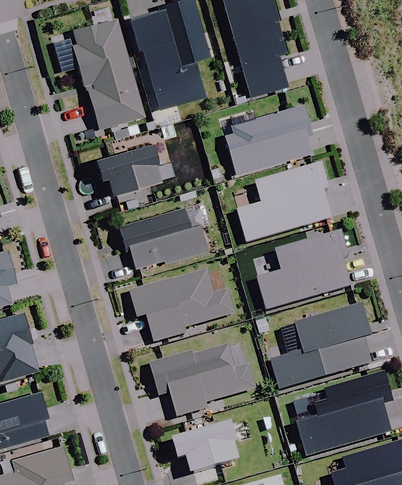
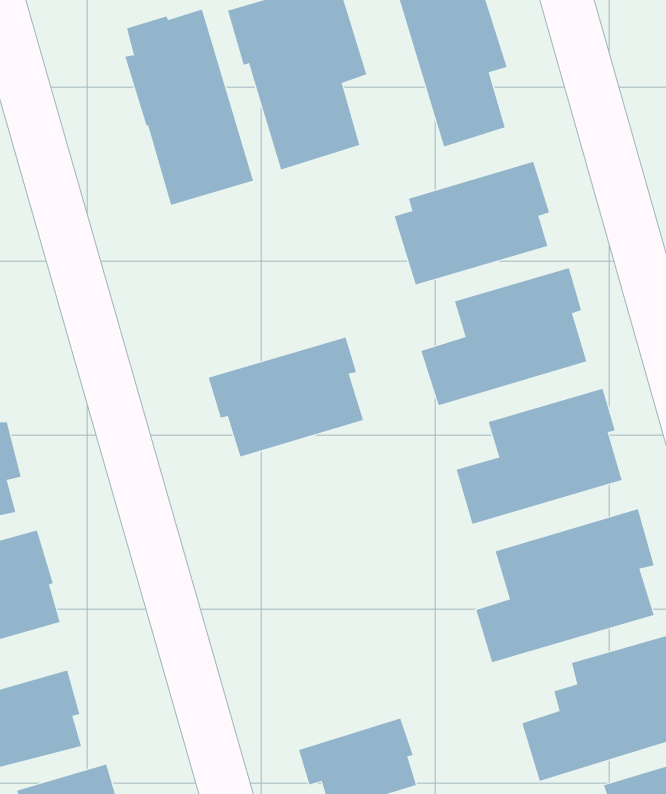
building: [94,145,159,196] -> none
building: [131,271,235,342] -> none
building: [149,343,254,415] -> none

